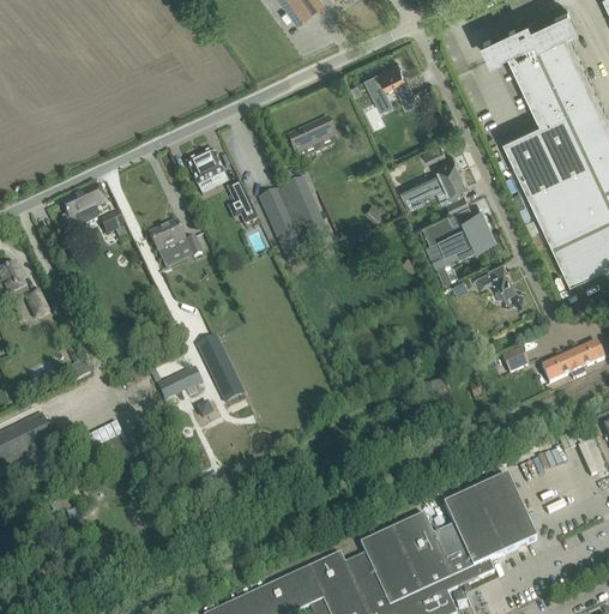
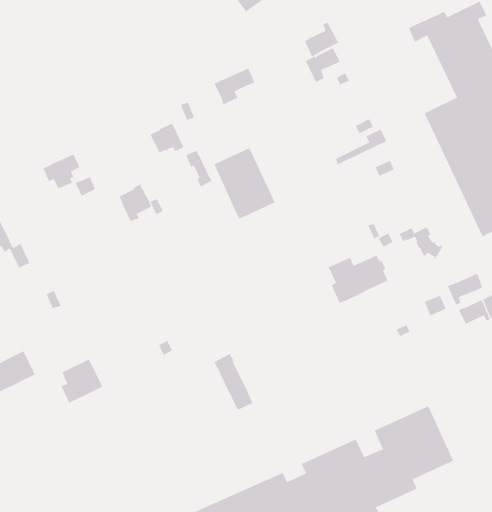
building: none -> [304,22,339,57]
building: [287,118,334,161] -> [213,68,255,105]
building: [402,170,465,209] -> none
building: [421,210,490,266] -> [328,255,388,304]
building: none -> [447,273,483,305]
building: [197,335,242,401] -> [213,353,253,410]
building: [157,366,201,399] -> none

